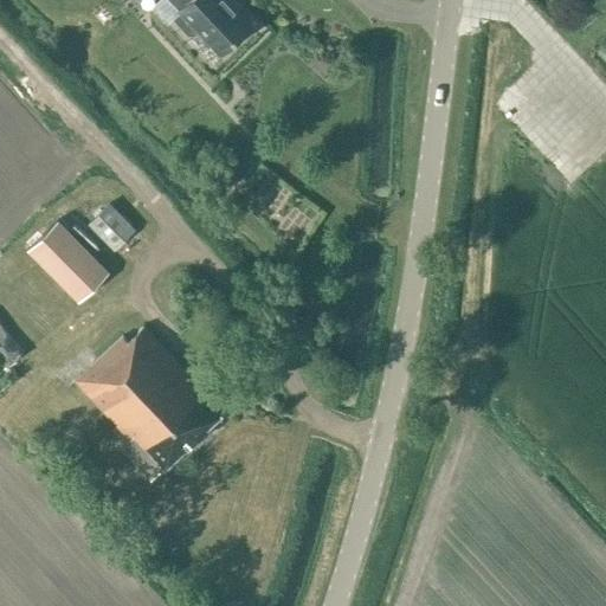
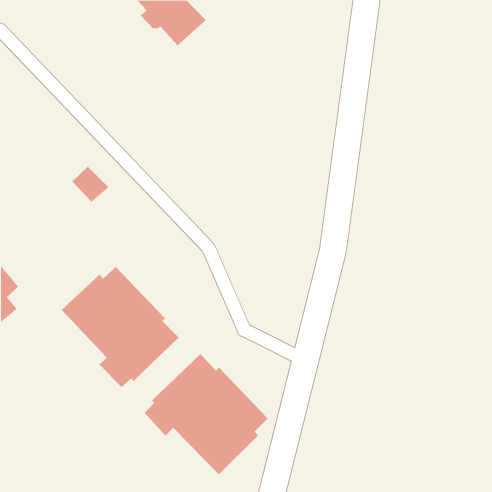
building: [27,220,109,302] -> none
building: none -> [144,353,268,475]

